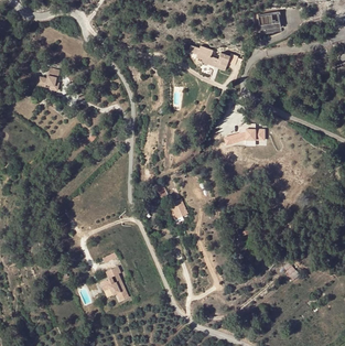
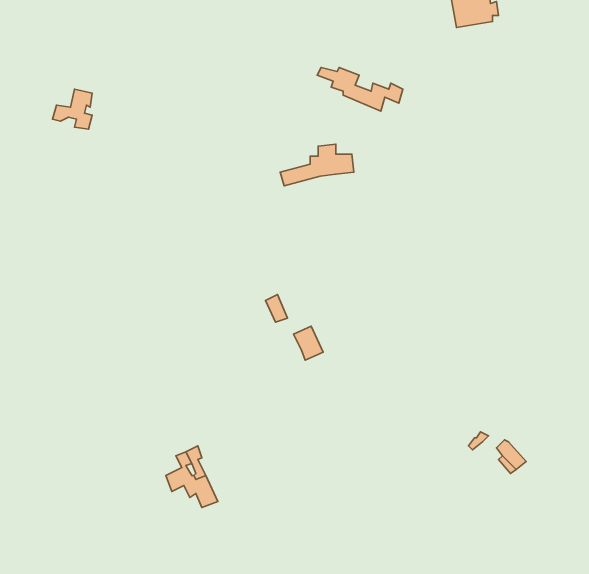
building: [222,123,262,147] -> [280,144,354,186]

